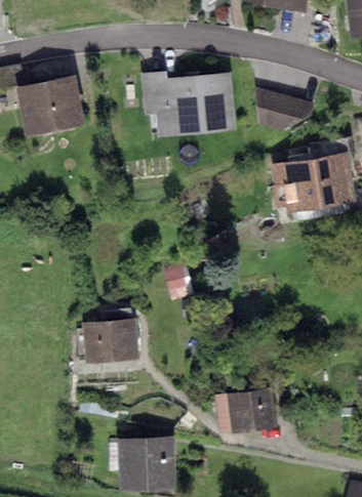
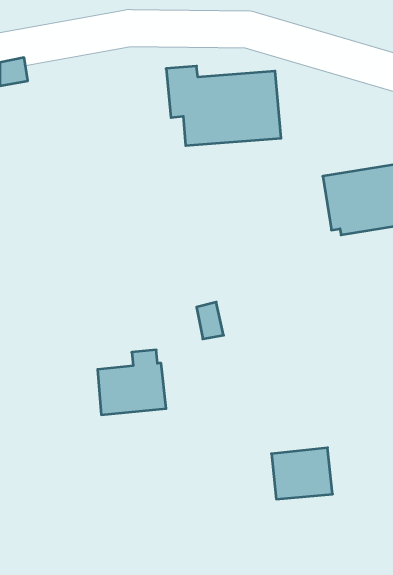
building: [17,77,84,134] -> none
building: [254,86,314,130] -> none
building: [118,437,174,490] -> none

